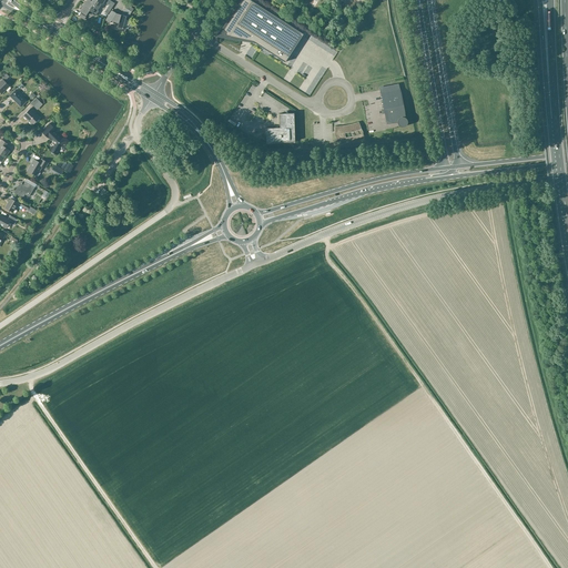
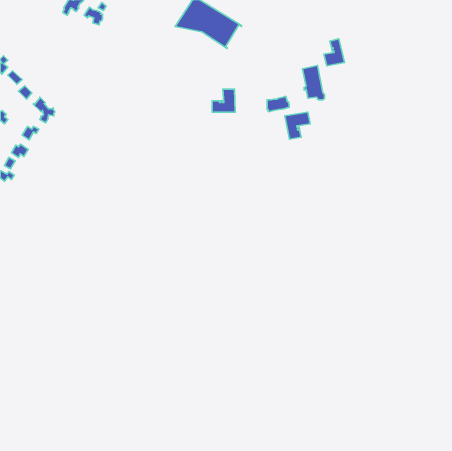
building: none -> [324,39,344,66]
building: none -> [285,112,310,139]

